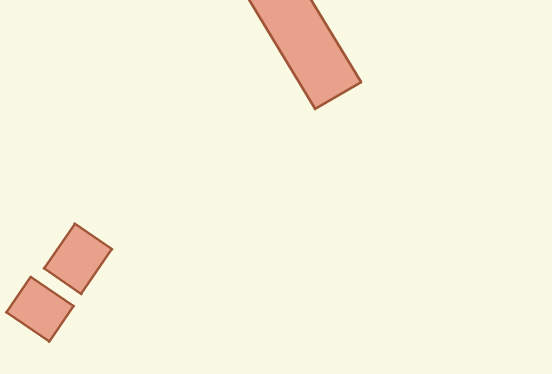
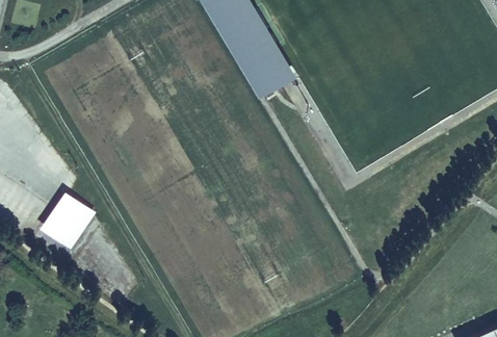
building: [6,277,74,342] -> none

